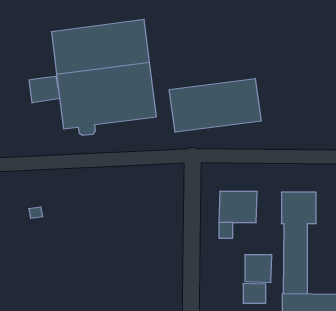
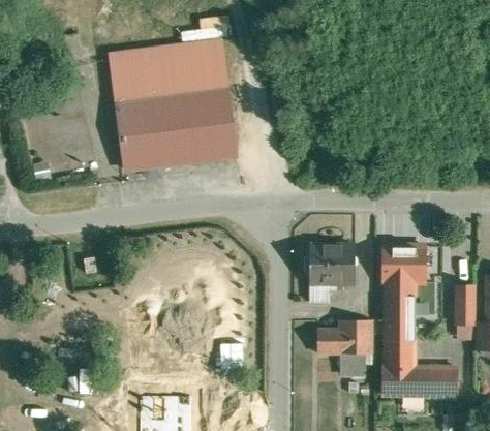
building: [29,76,60,103] -> none
building: [169,78,261,132] -> none
building: none -> [316,329,340,351]

